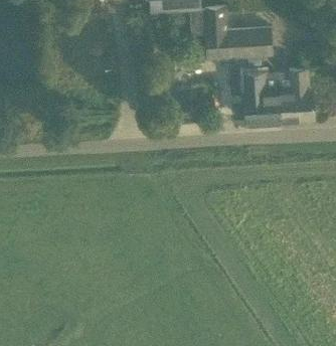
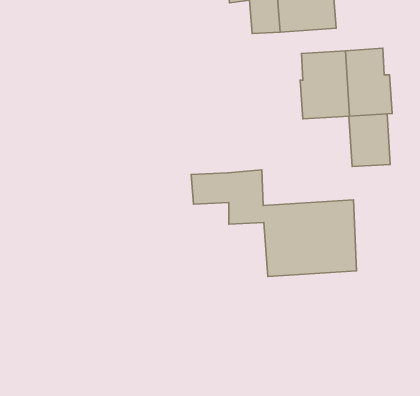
building: none -> [349,114,390,167]
building: none -> [191,170,357,276]

